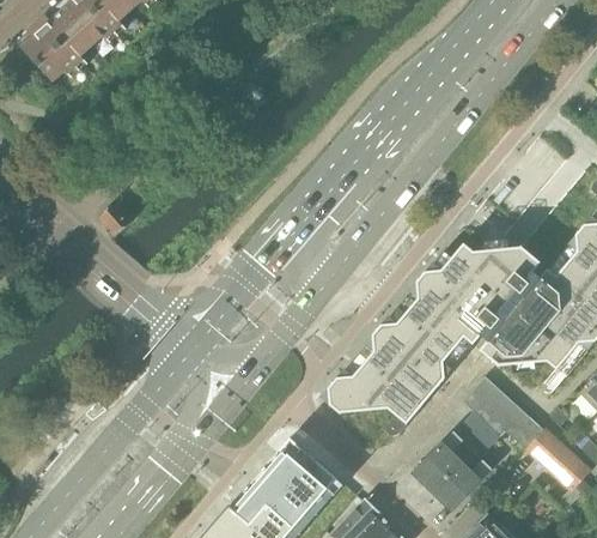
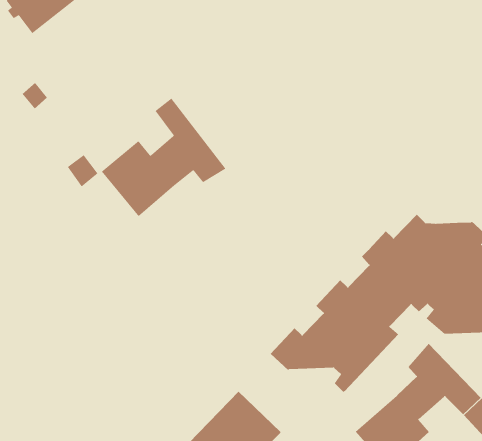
building: none -> [101,97,227,217]

